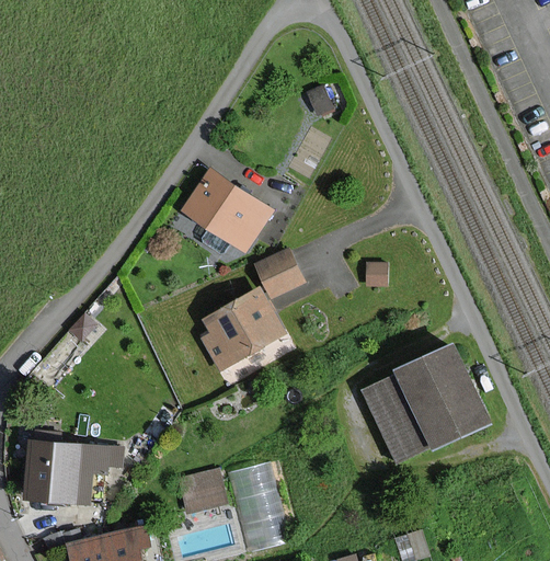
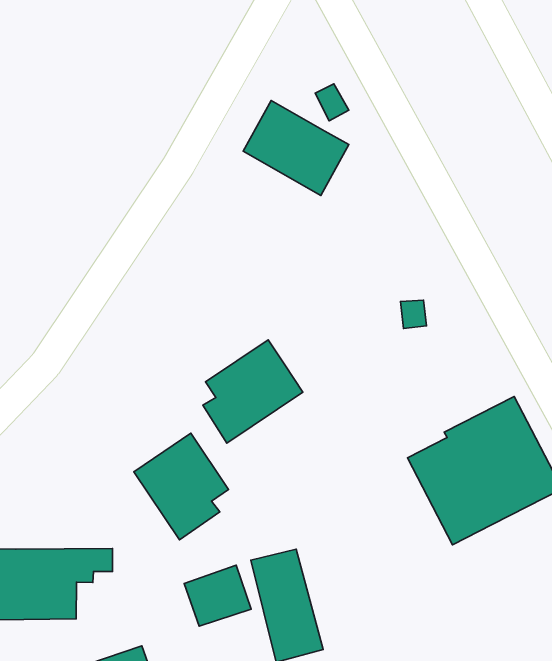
building: [183,171,268,250] -> [243,100,349,195]
building: [255,250,301,297] -> none
building: none -> [134,433,229,540]

